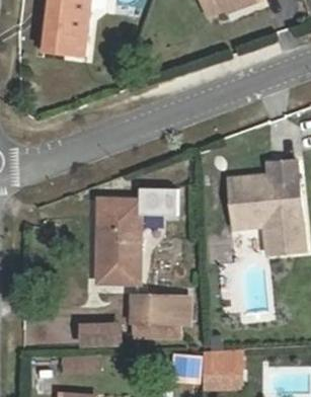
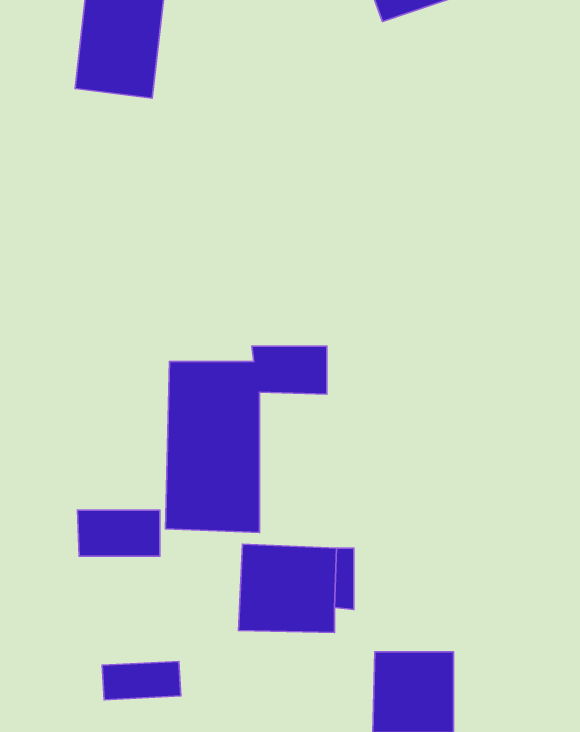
building: [226,162,304,257] -> none
building: [77,322,121,346] -> [77,510,160,556]

